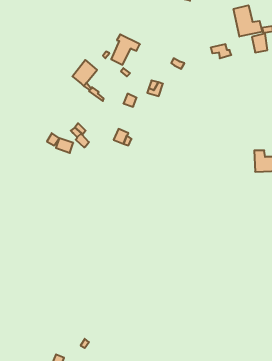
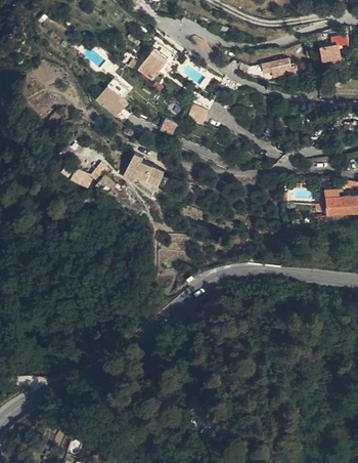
building: [234,5,262,37] -> none
building: none -> [126,150,154,176]

